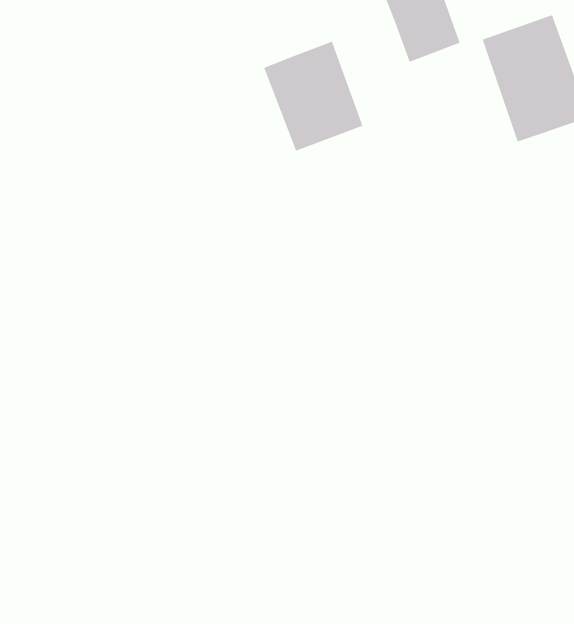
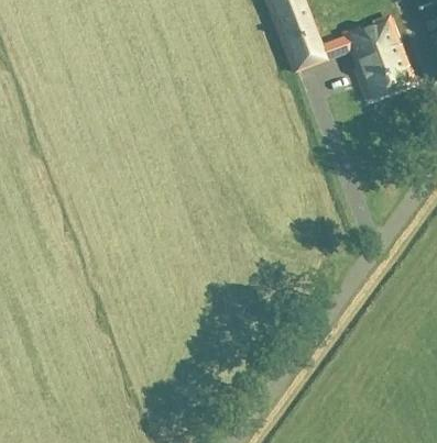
building: [264,41,363,152] -> none

